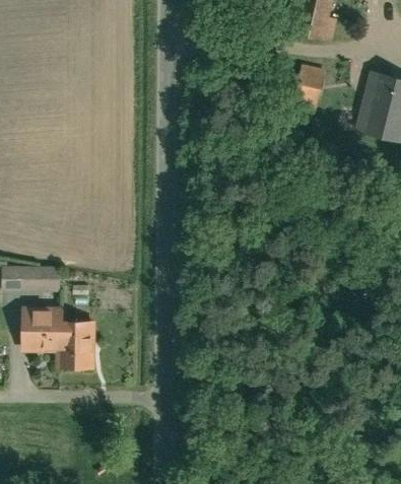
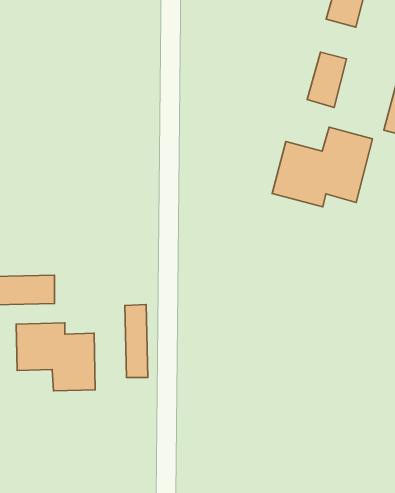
building: none -> [272,127,373,207]
building: none -> [125,305,148,378]

